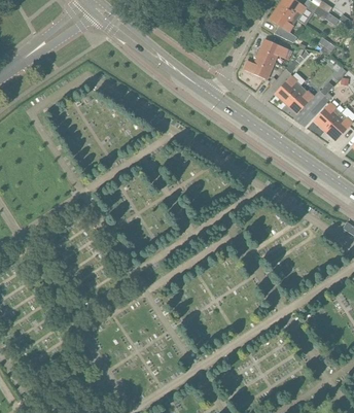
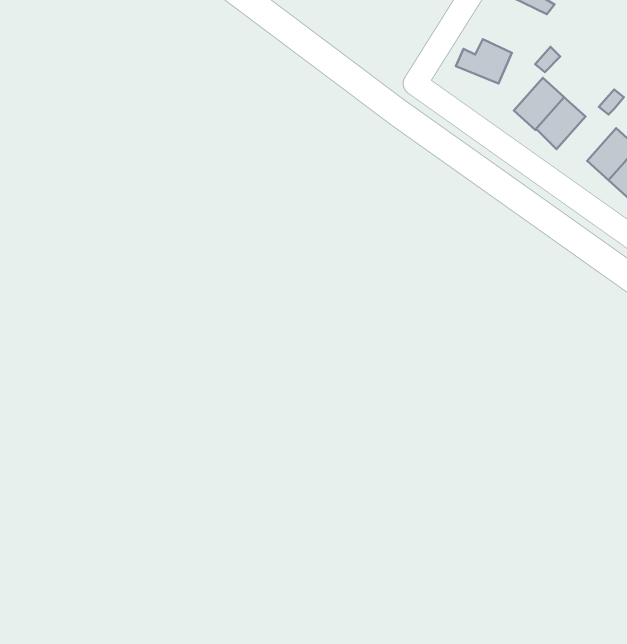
building: [258,38,288,62] -> none

